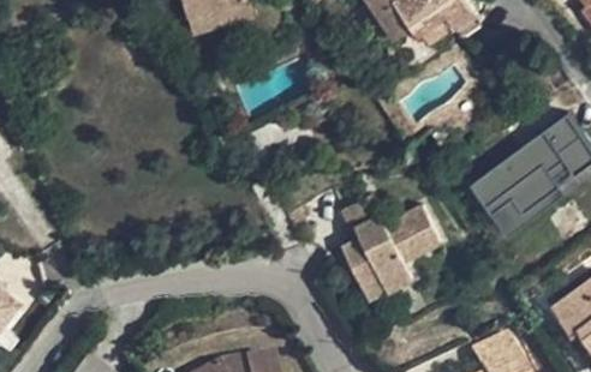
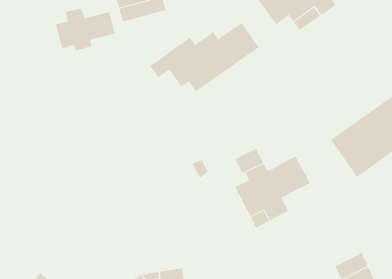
building: none -> [55,7,115,52]
building: none -> [150,22,260,92]

